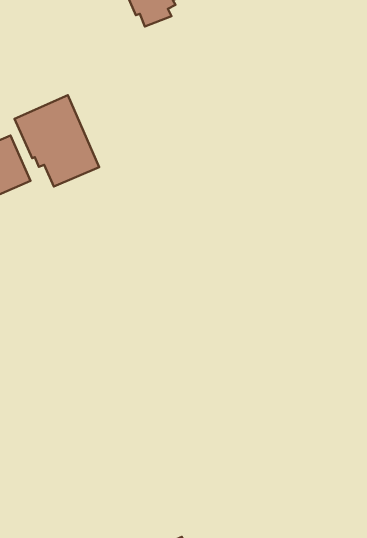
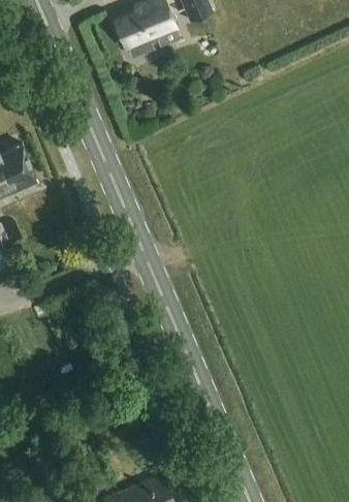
building: [14,95,99,187] -> none

